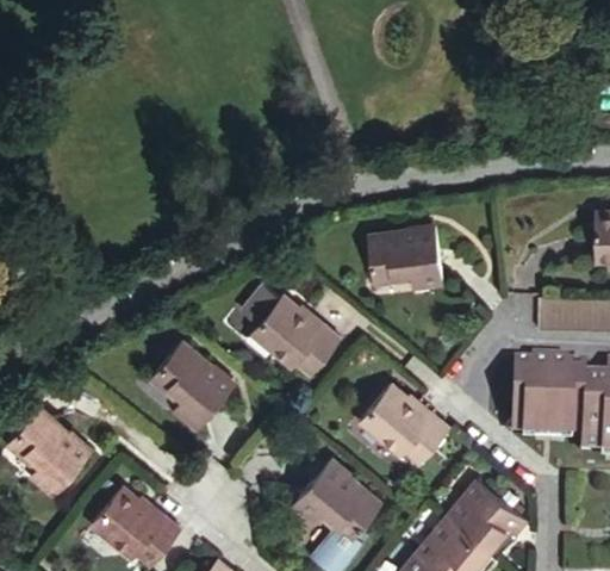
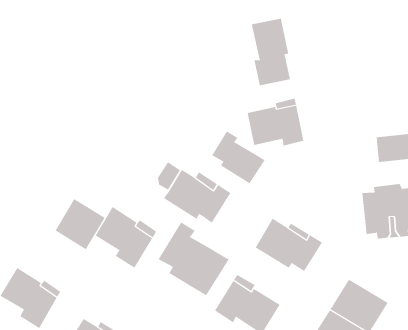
building: none -> [251,18,290,86]
building: none -> [212,130,265,184]
building: none -> [55,198,106,250]
building: none -> [158,221,229,296]

